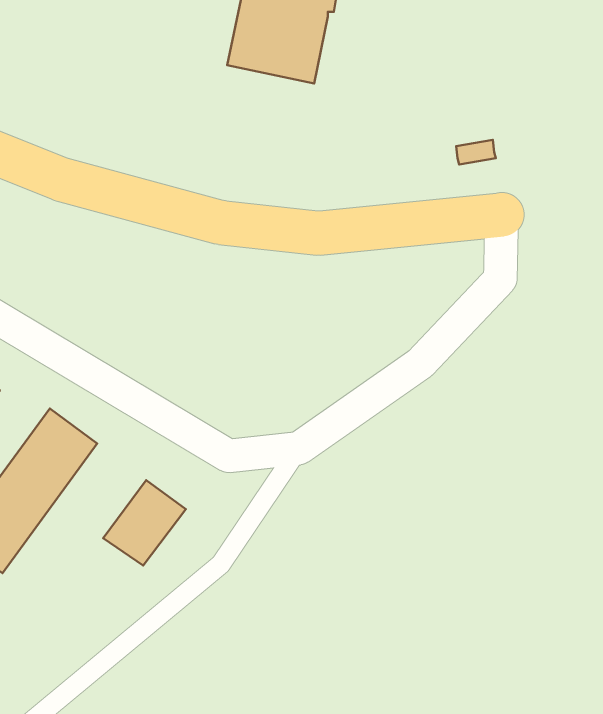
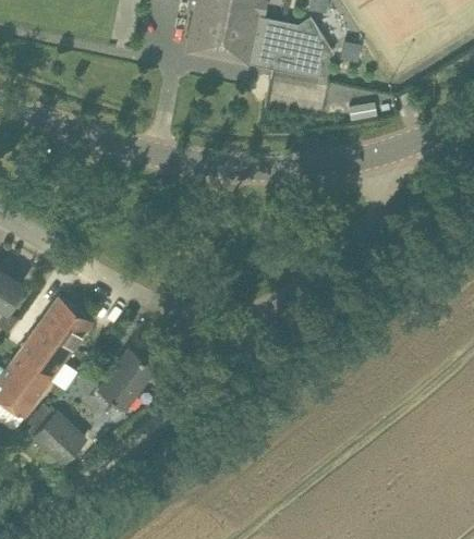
building: none -> [248,16,335,78]
building: none -> [31,408,87,465]

